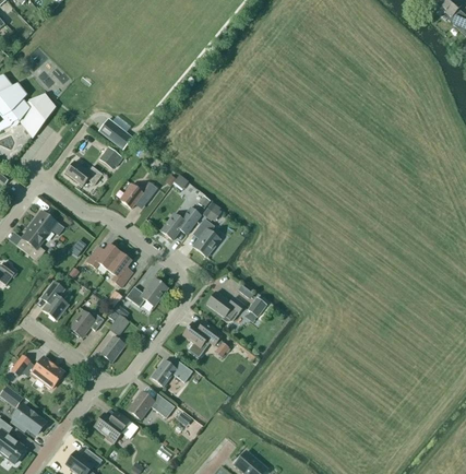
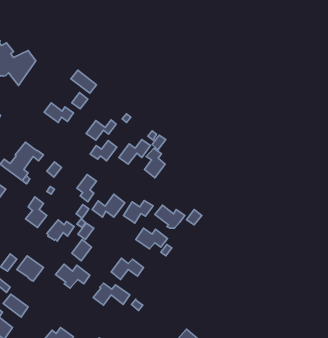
building: [86,244,120,270] -> [90,140,117,161]
building: none -> [124,201,153,223]
building: [94,413,138,443] -> [55,264,90,288]

